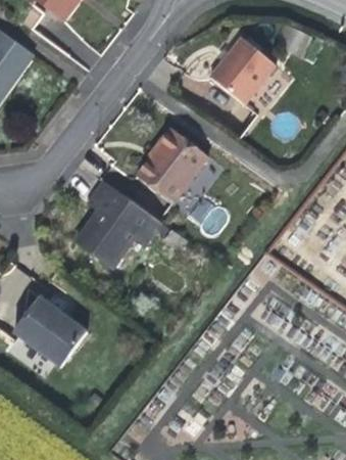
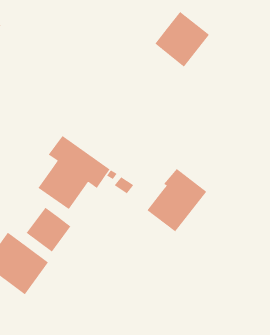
building: [137,128,207,202] -> [147,168,207,232]
building: none -> [26,207,71,252]

